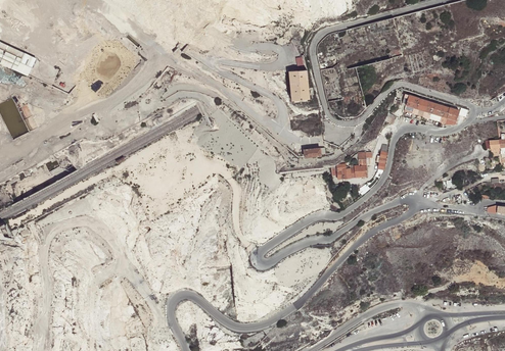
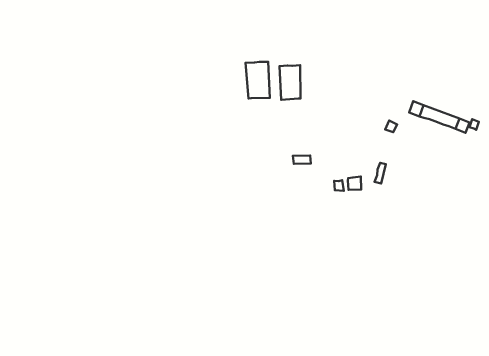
building: none -> [246,62,270,99]

